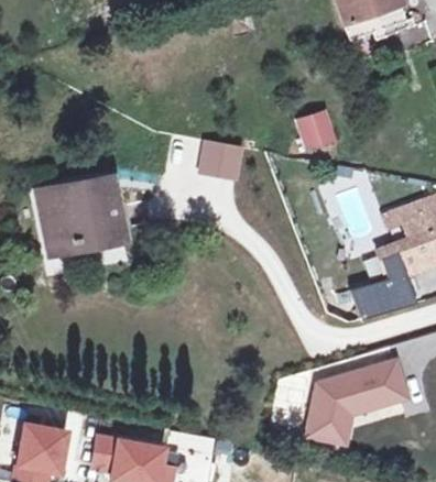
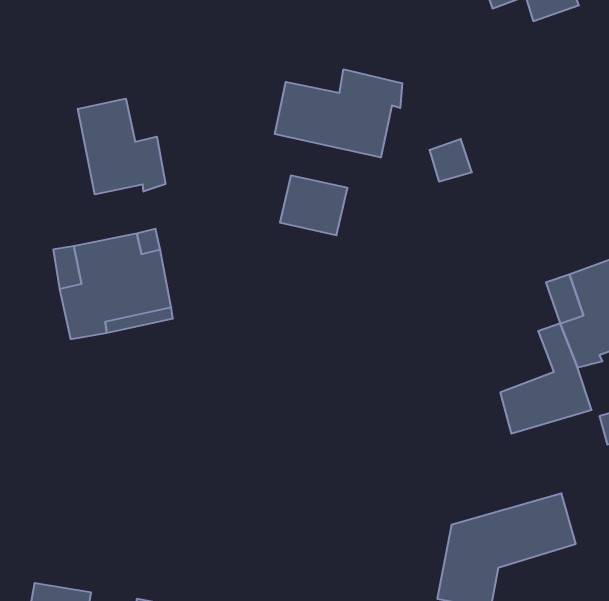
building: none -> [275,69,402,158]
building: none -> [78,99,166,194]

